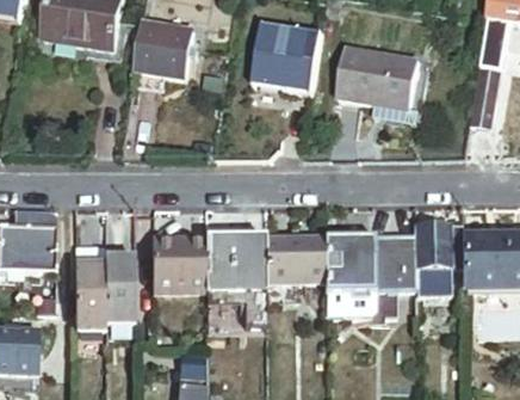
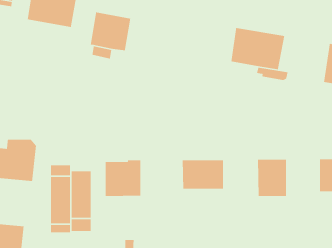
building: [247,21,320,93] -> none
building: [416,223,463,295] -> none
building: [206,227,266,326] -> none
building: [326,235,374,306] -> none

